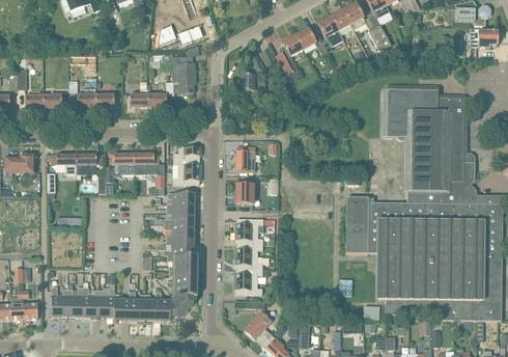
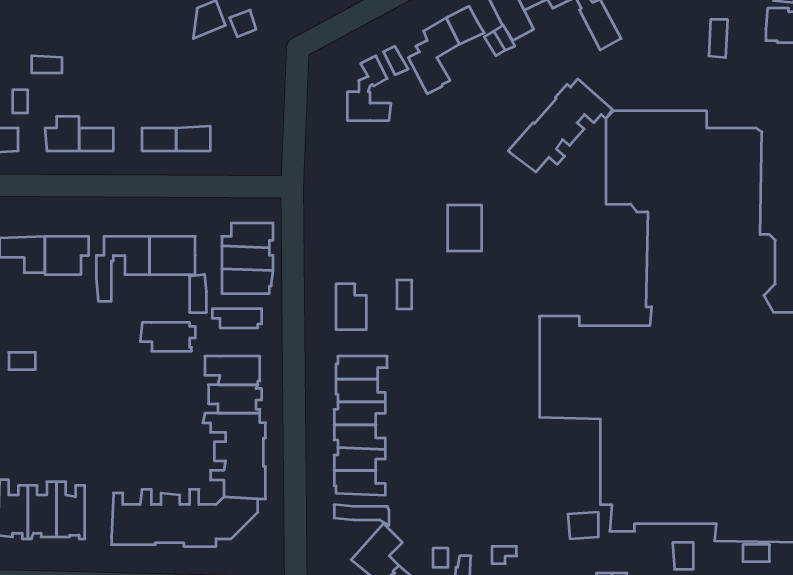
building: [162,54,195,93] -> none
building: none -> [508,79,612,172]
building: [236,146,255,171] -> [447,205,482,251]
building: [166,203,196,219] -> [140,323,195,351]
building: [98,287,114,319] -> none

